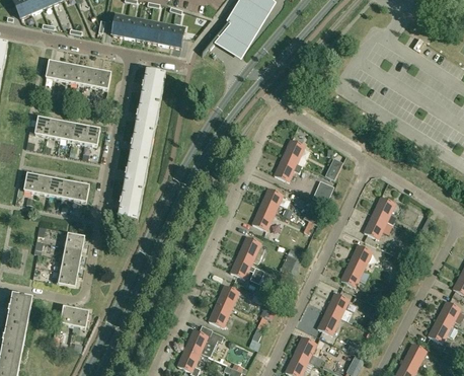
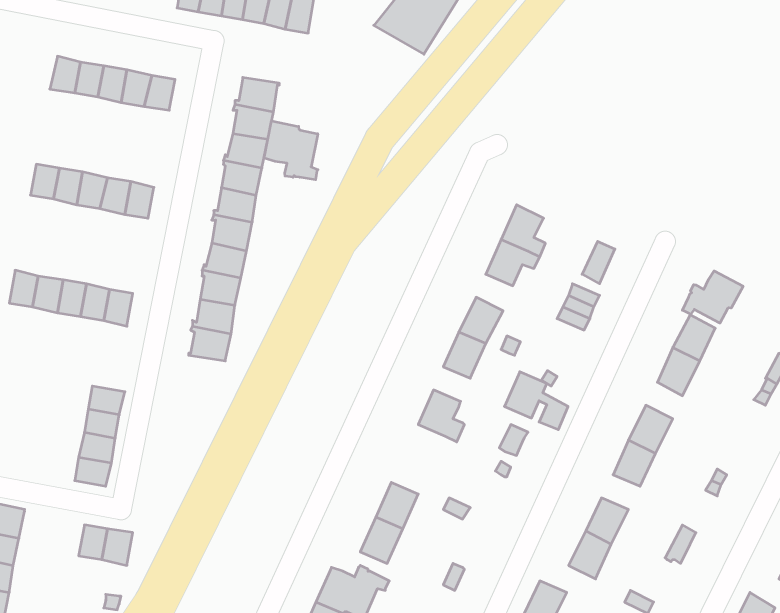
building: none -> [264,121,318,180]
building: none -> [682,271,743,323]
building: [230,253,263,284] -> [504,372,568,430]

